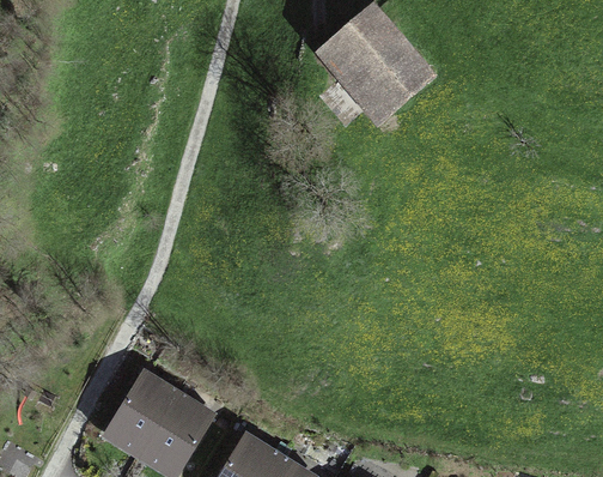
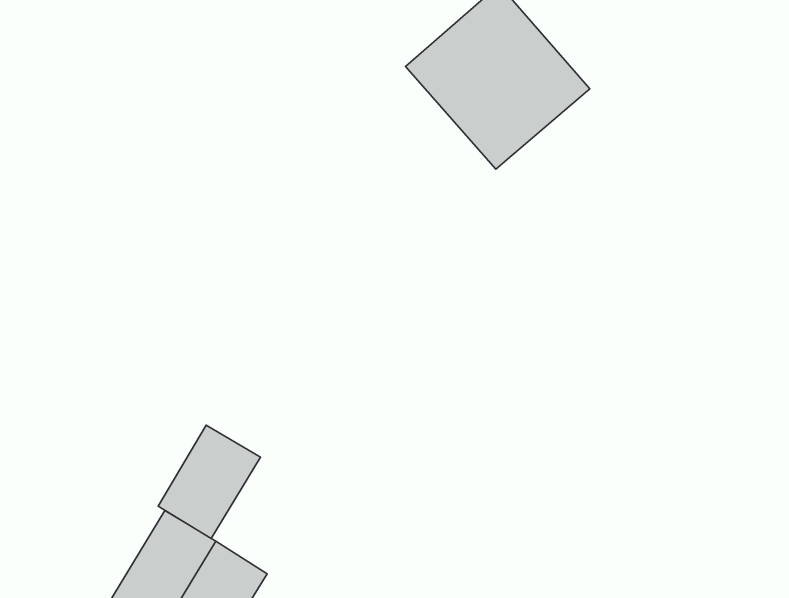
building: none -> [158,425,261,538]

